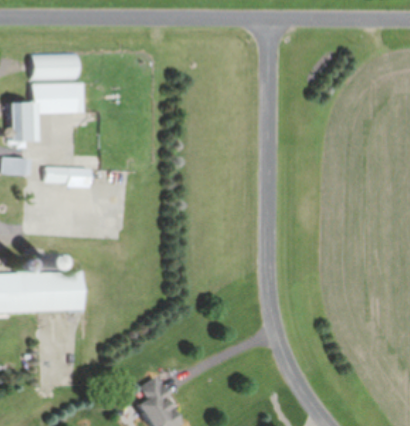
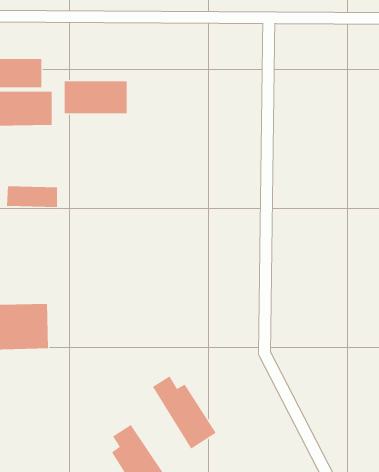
building: none -> [64,80,127,114]
building: none -> [152,375,217,450]

